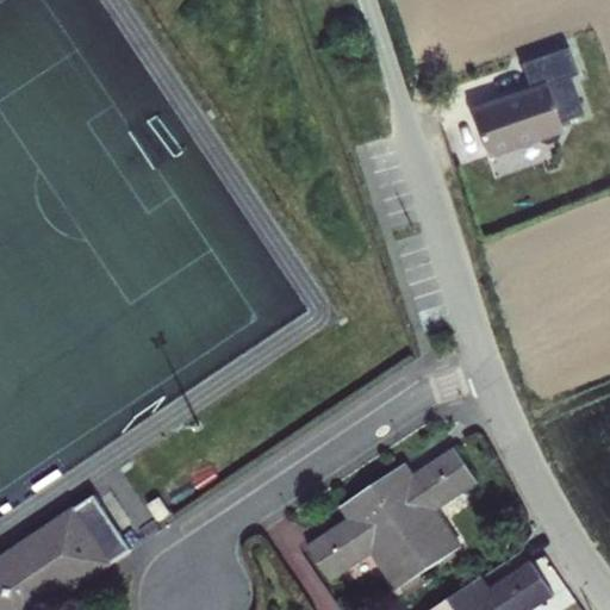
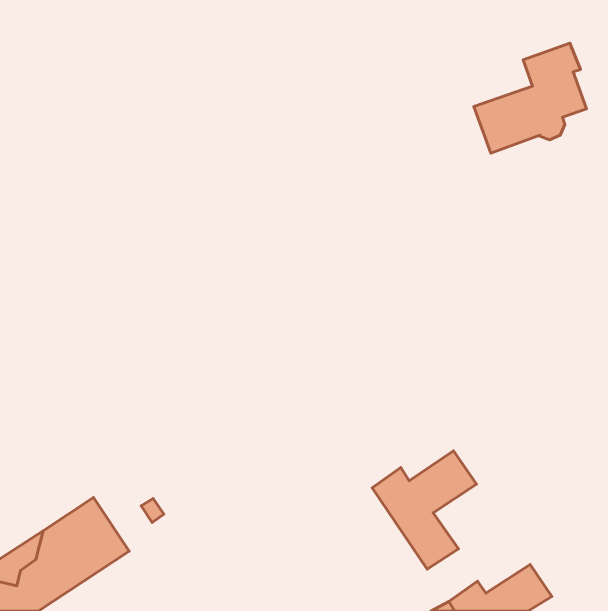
building: [305,486,425,589] -> none

